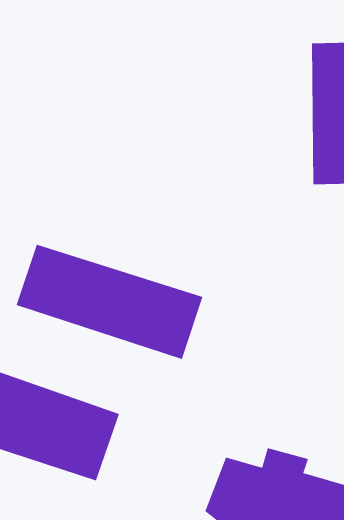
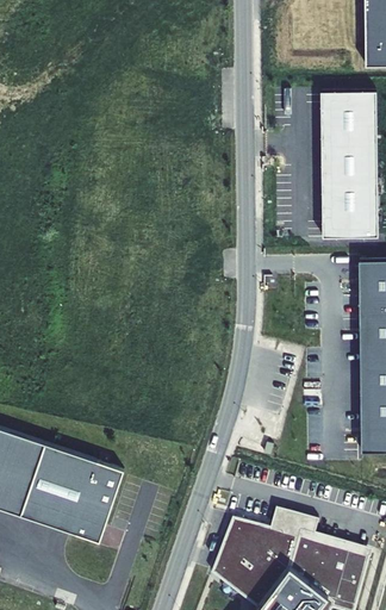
building: [16,244,203,360] -> none

